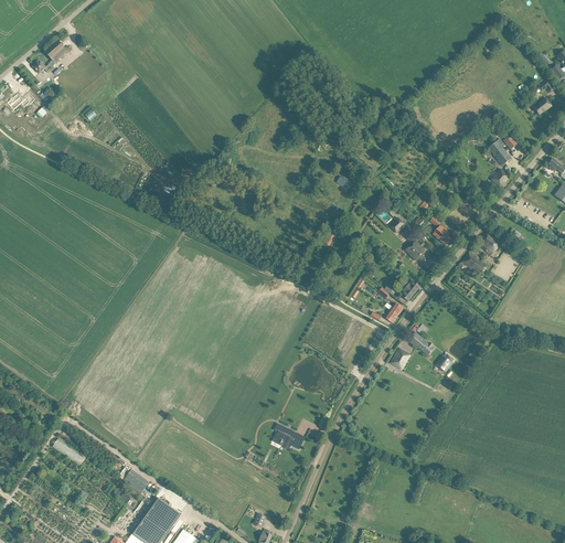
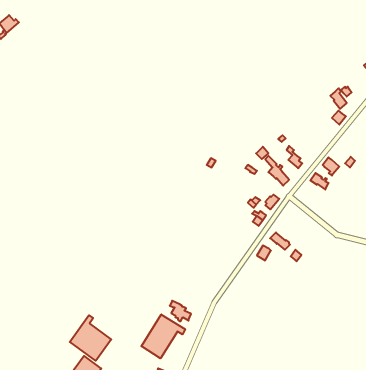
building: none -> [141,314,185,358]
building: none -> [70,315,111,361]

